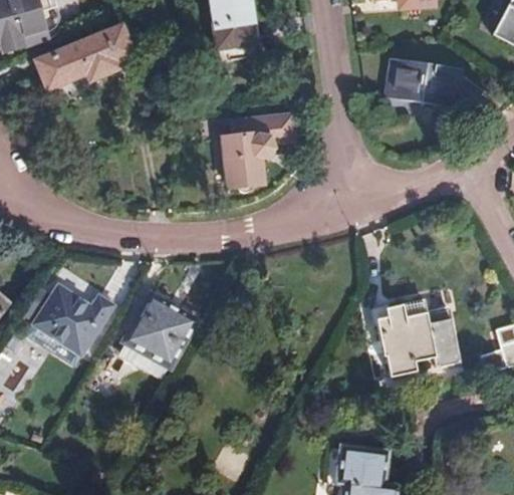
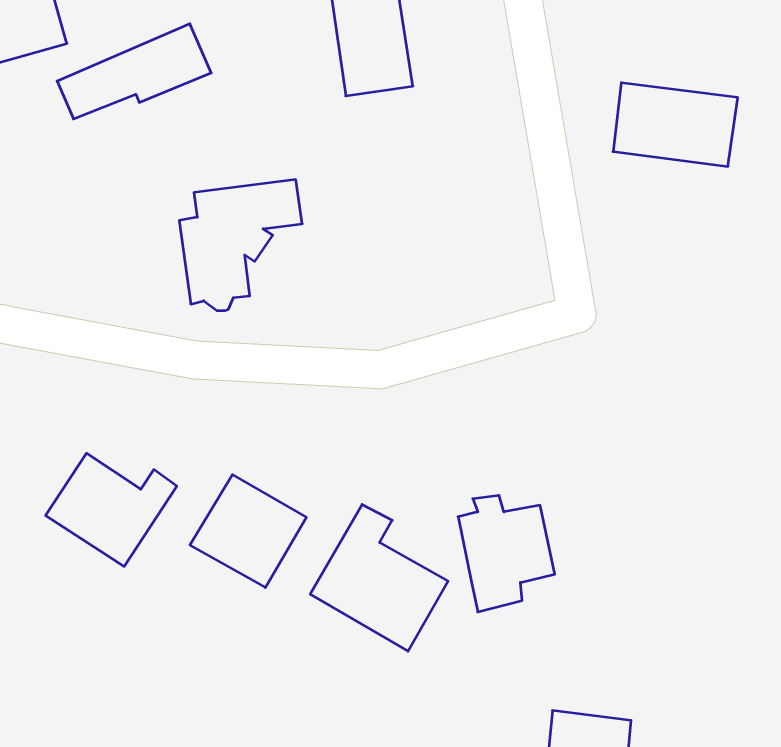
building: [219,108,294,189] -> [179,180,302,311]
building: [383,306,443,378] -> [458,495,555,612]
building: none -> [310,504,448,651]

